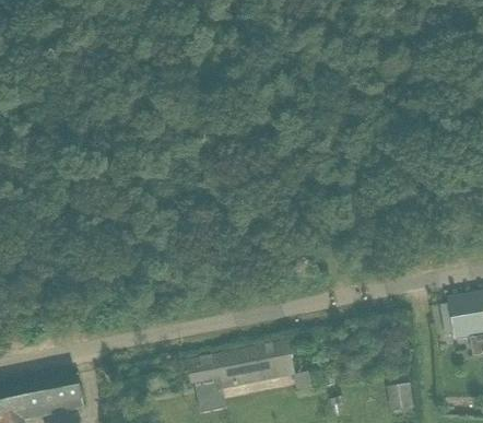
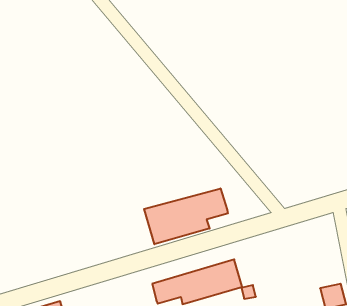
building: none -> [144,188,228,244]

